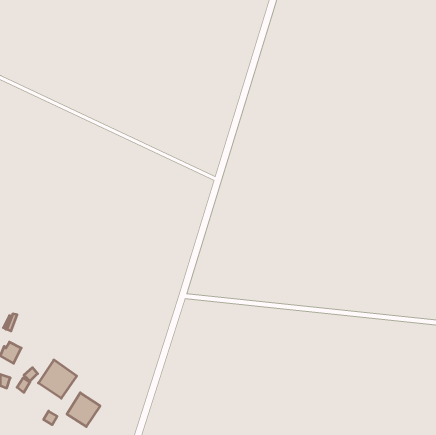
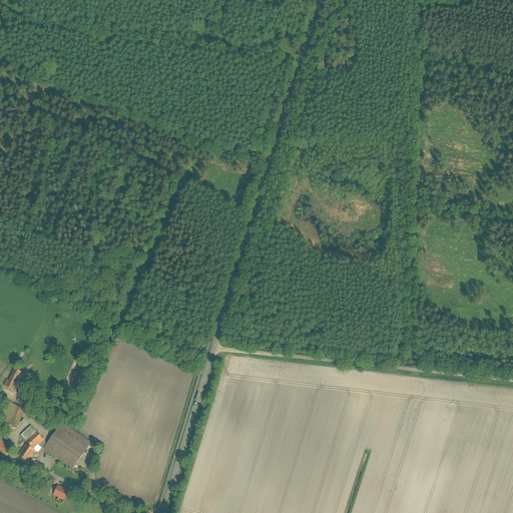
building: [67,393,100,427] -> none

